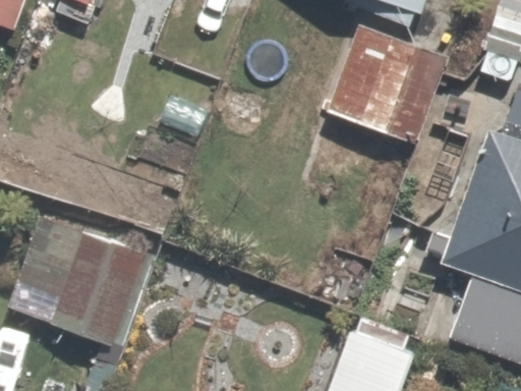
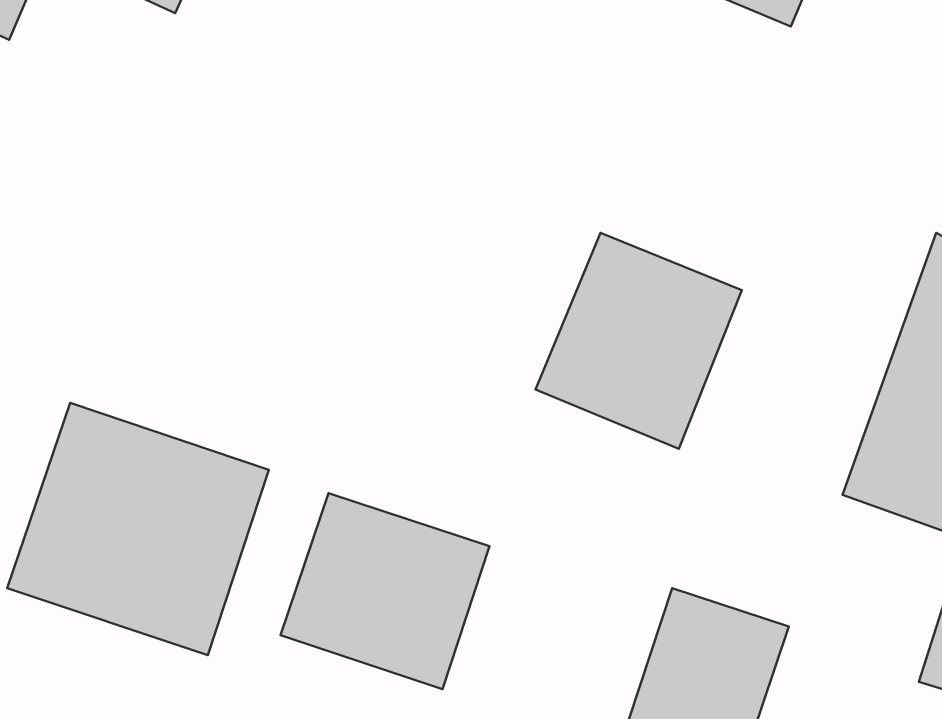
building: [330,29,440,144] -> [535,233,742,449]
building: none -> [281,493,489,689]

